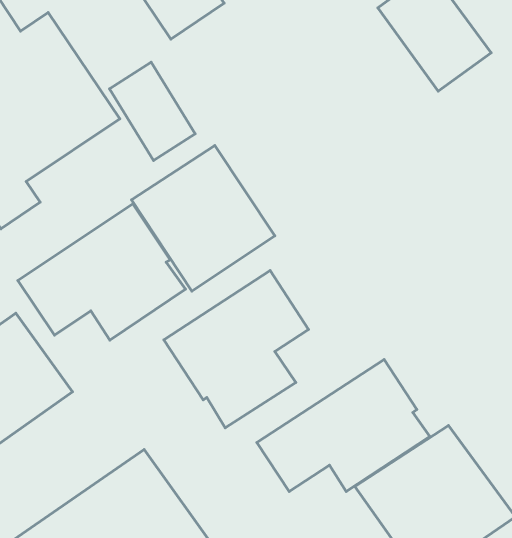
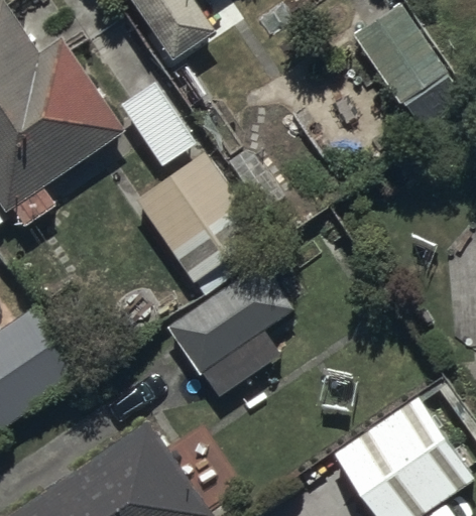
building: [18,204,185,340] -> none
building: [257,360,430,492] -> none

